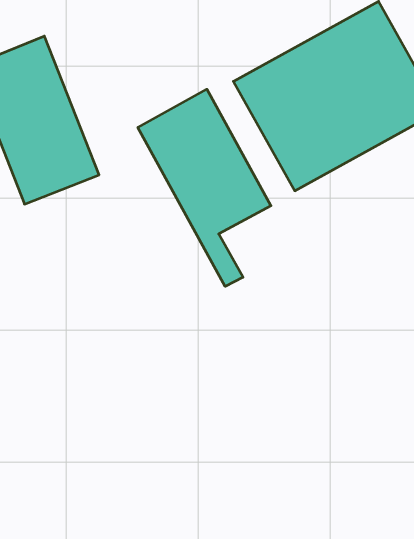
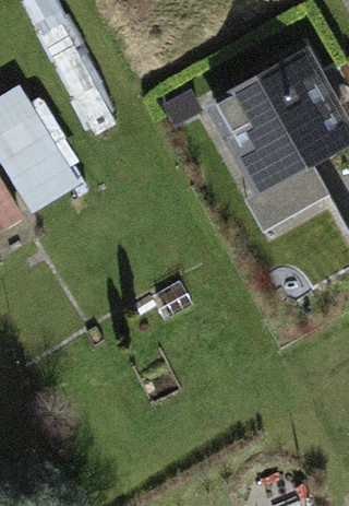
building: [138,89,271,286] -> none

